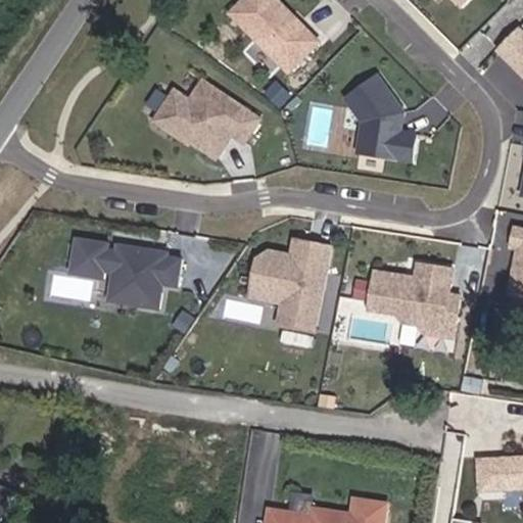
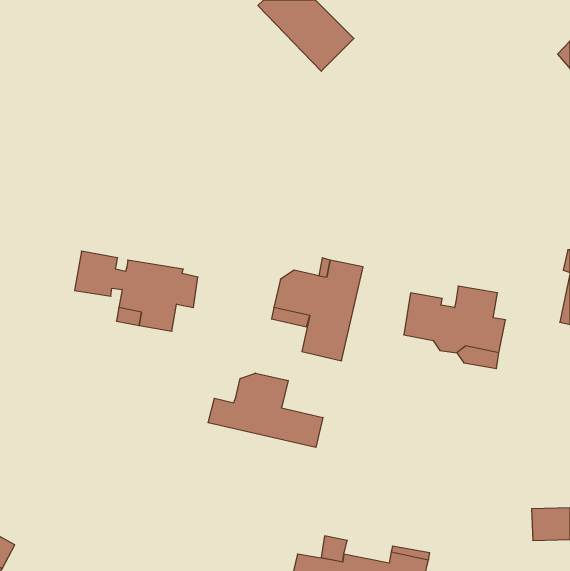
building: [345,76,416,163] -> none
building: [154,79,259,155] -> none
building: none -> [208,373,323,447]

